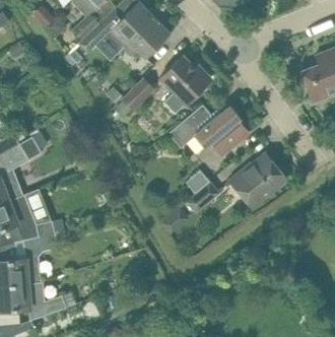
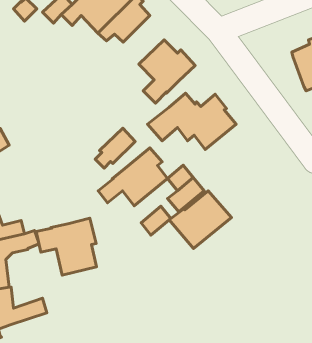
building: [117,78,153,115] -> [95,128,135,168]
building: [229,154,286,207] -> [169,191,231,249]
building: none -> [98,148,168,206]
building: none -> [36,218,97,275]

